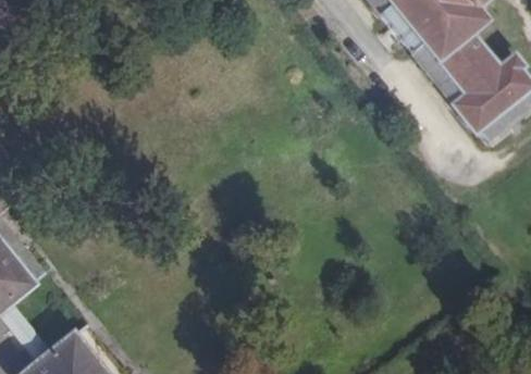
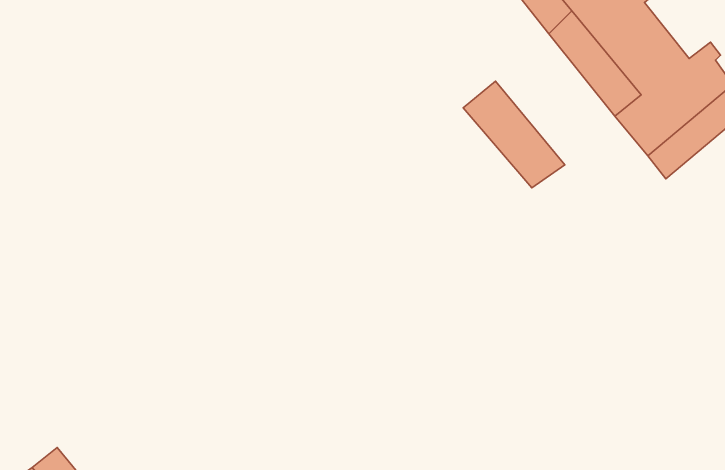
building: none -> [463,81,565,188]

